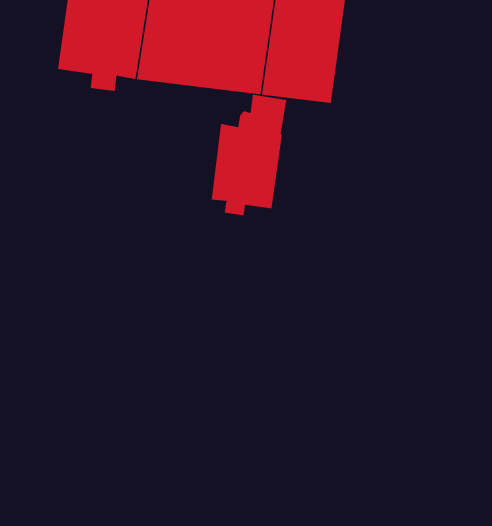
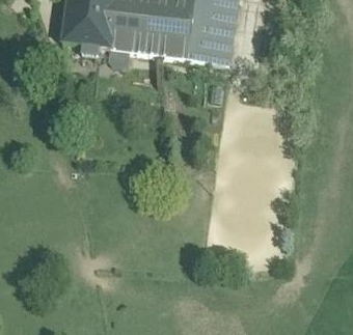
building: [211,94,287,216] -> none

